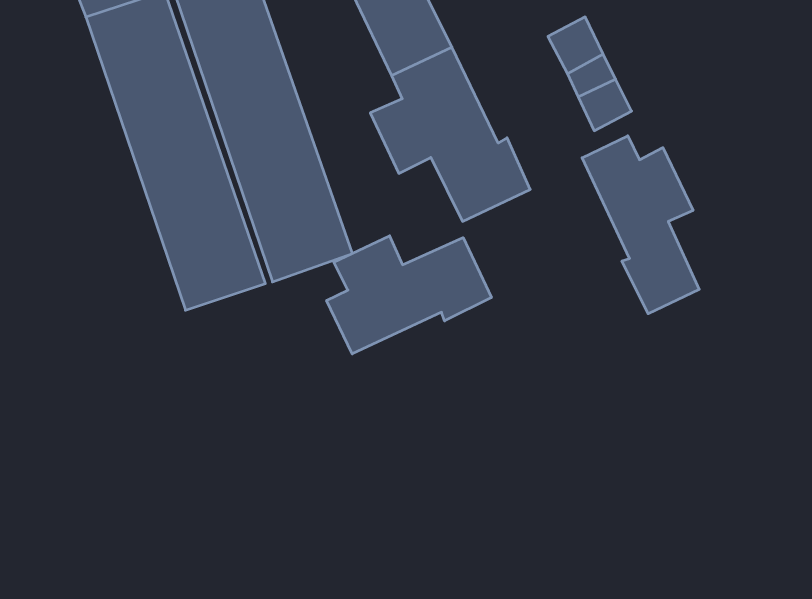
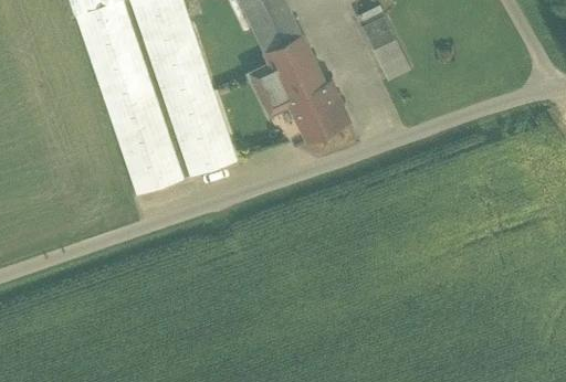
building: [582,136,699,314] -> none
building: [327,236,491,354] -> none

